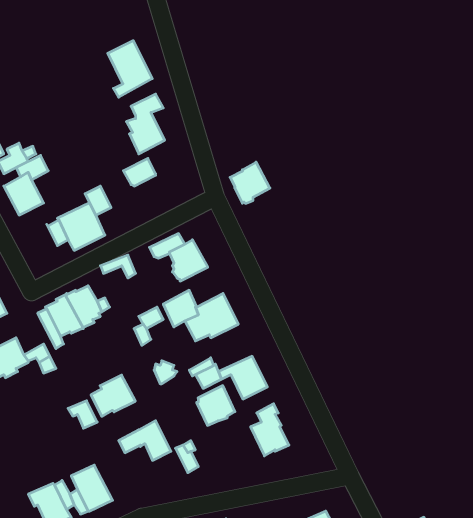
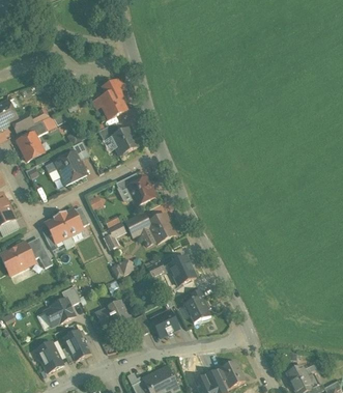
building: [108,41,152,97] -> none
building: [230,162,270,203] -> [111,128,138,156]
building: [91,375,135,416] -> [44,299,74,327]
building: [197,386,235,425] -> [151,310,177,337]

